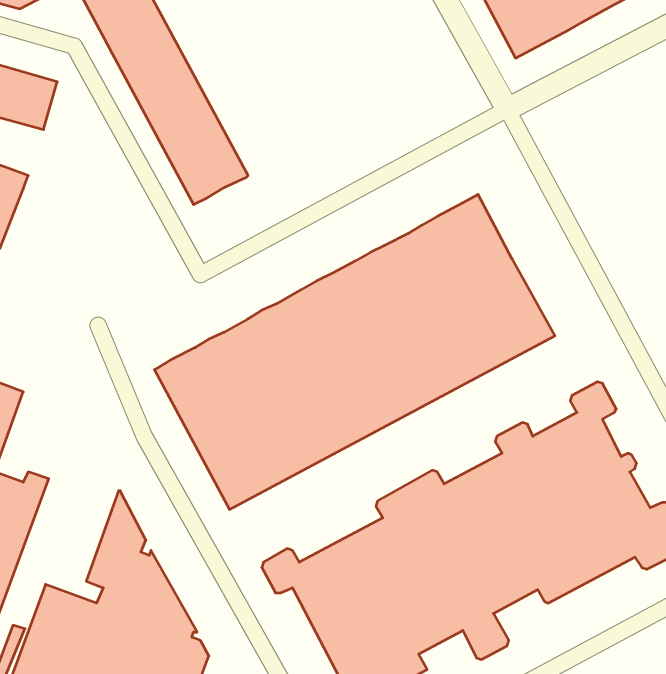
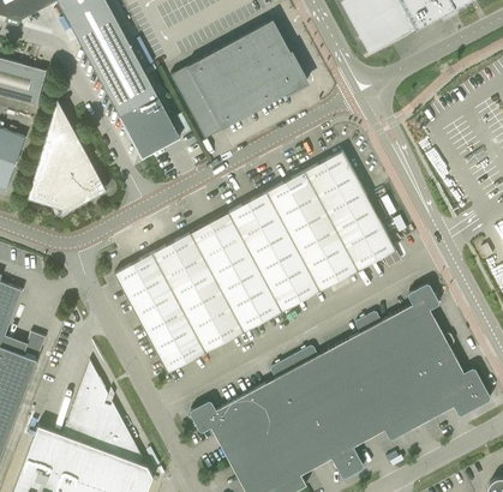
building: none -> [170,19,307,138]
building: none -> [28,100,102,216]

